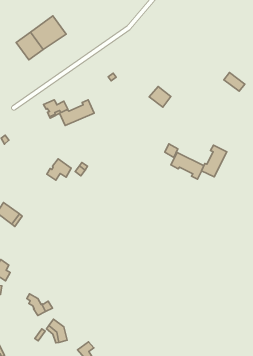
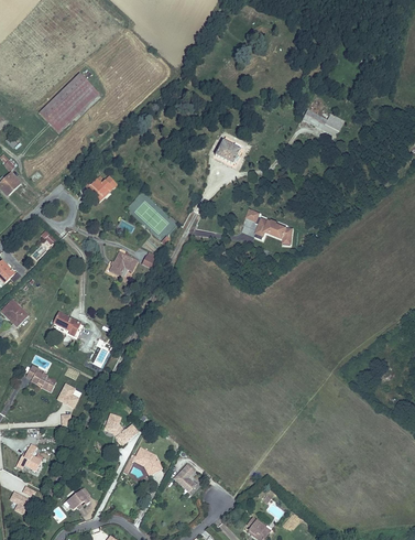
building: [60,100,94,126] -> none
building: [202,145,227,177] -> none

